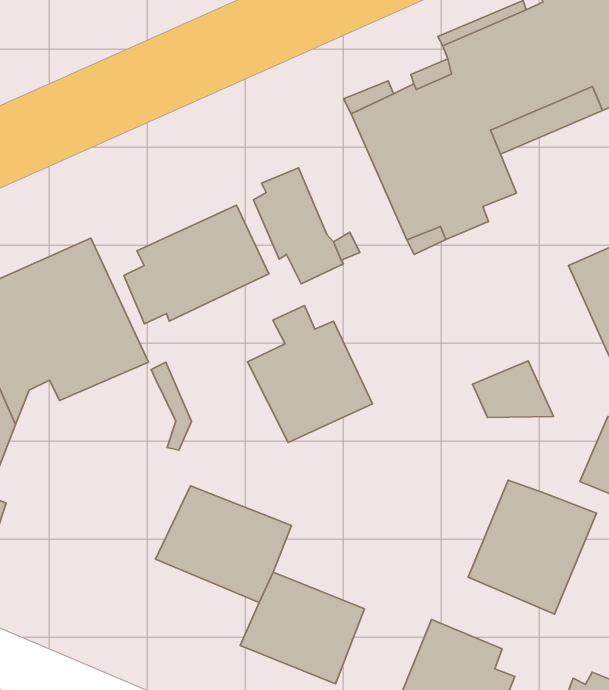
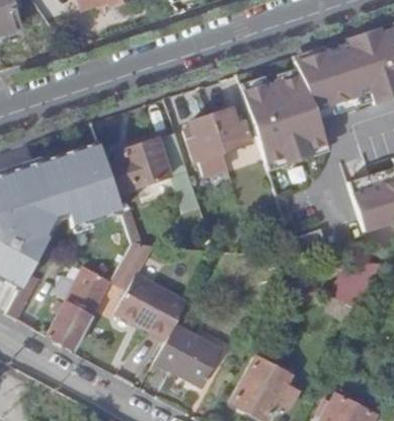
building: none -> [213,109,251,152]
building: [248,306,373,443] -> none
building: [468,480,596,614] -> none
building: none -> [50,269,112,352]

